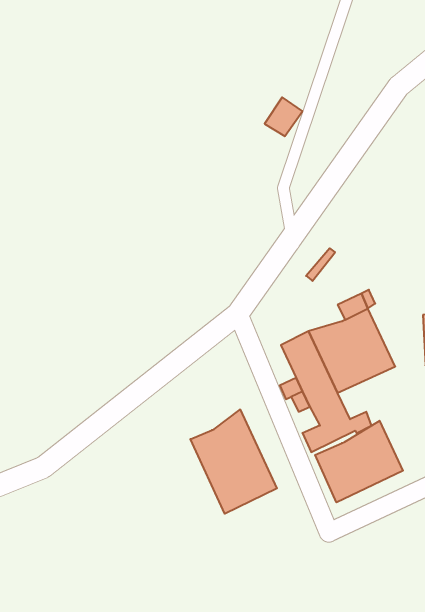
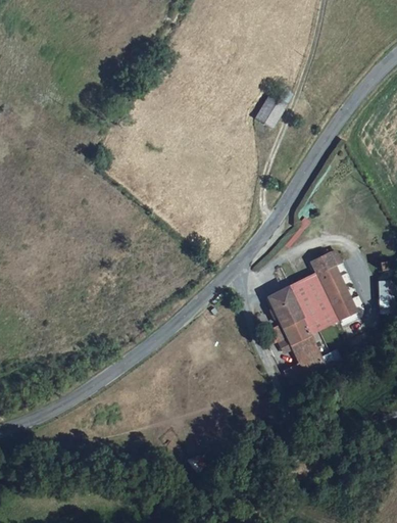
building: [190,409,277,514] -> none
building: [315,421,403,502] -> none

